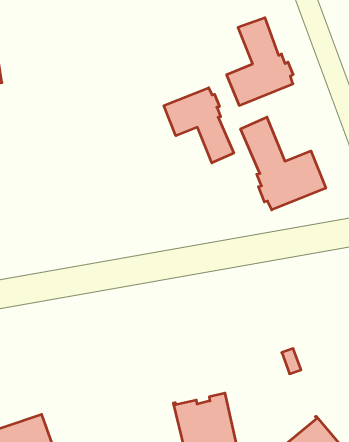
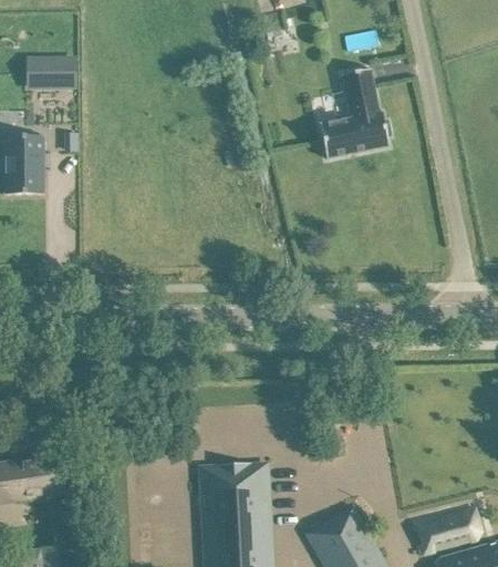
building: [164,88,234,163] -> none
building: [241,117,326,210] -> none

